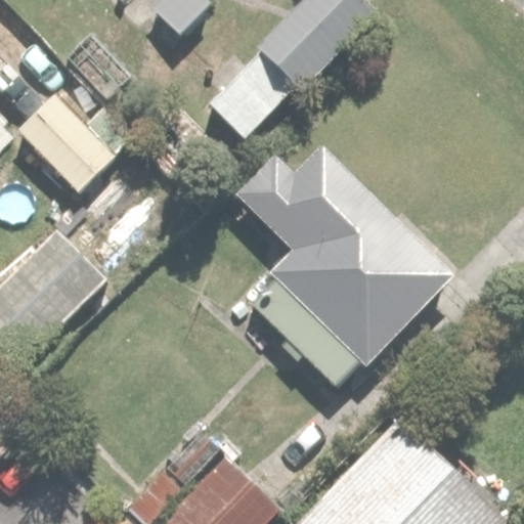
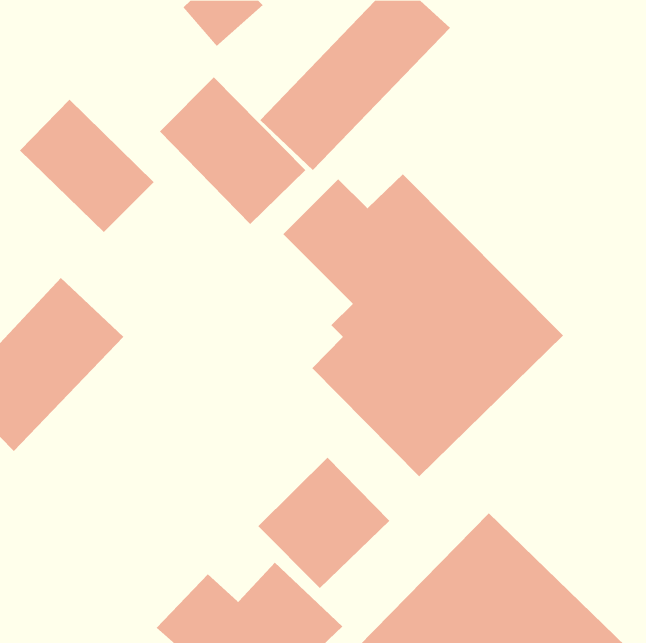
building: none -> [159,77,306,225]
building: none -> [257,457,390,589]

